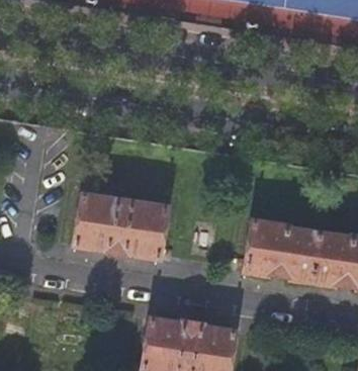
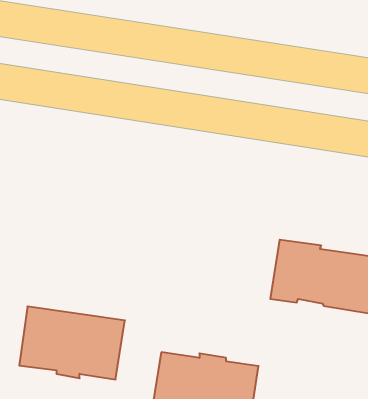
building: [76,195,168,259] -> [19,306,125,379]

